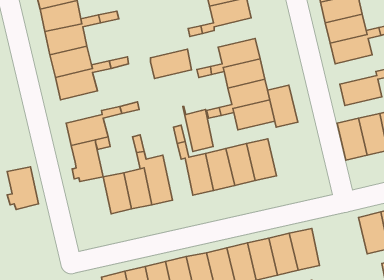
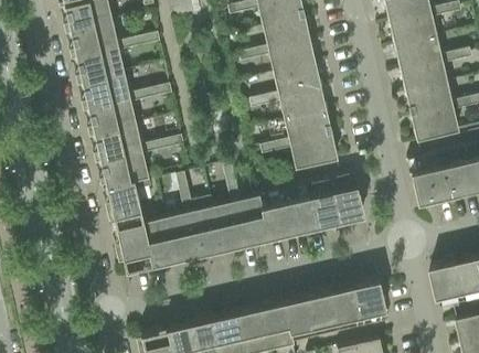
building: [151,49,191,78] -> [269,43,316,76]
building: none -> [406,85,454,118]
building: [268,85,298,127] -> [330,174,364,222]
building: none -> [95,126,142,162]
building: [183,107,213,151] -> [211,199,245,249]
building: [7,167,38,210] -> [117,223,152,271]

